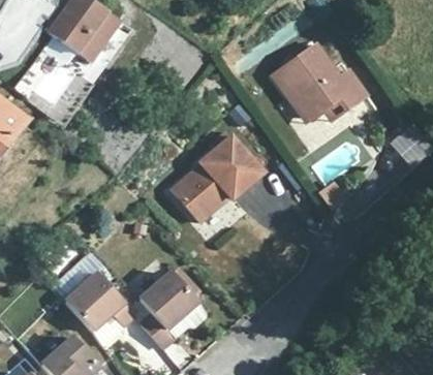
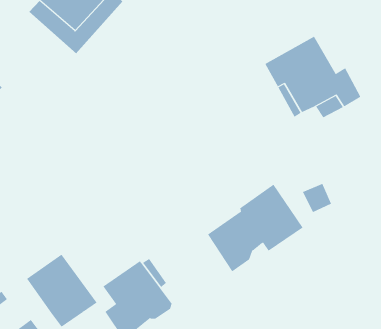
building: [169,134,259,221] -> [207,184,304,272]

